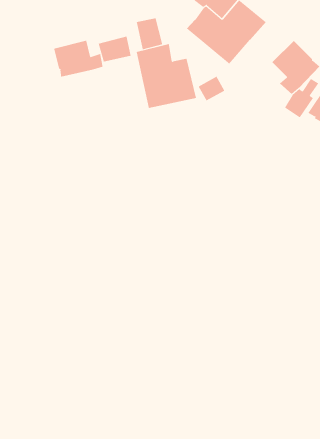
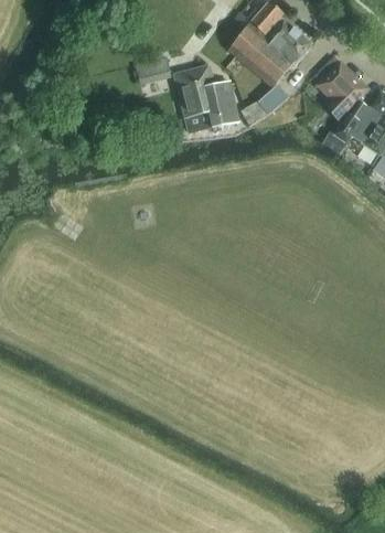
building: [136,17,163,50] -> none
building: [54,40,103,78] -> none

